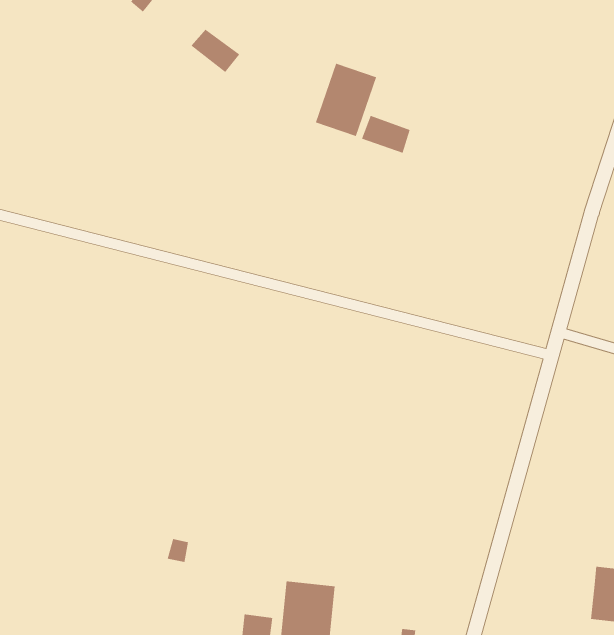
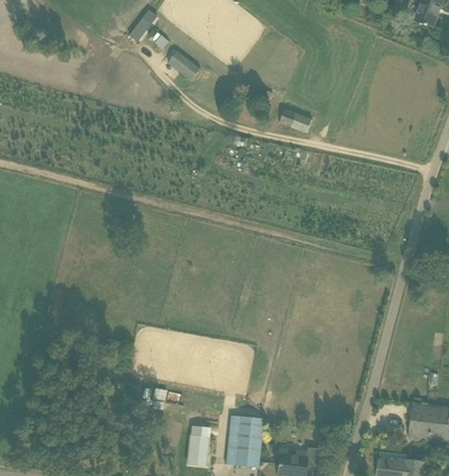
building: [315,63,377,137] -> none
building: none -> [407,400,433,439]

